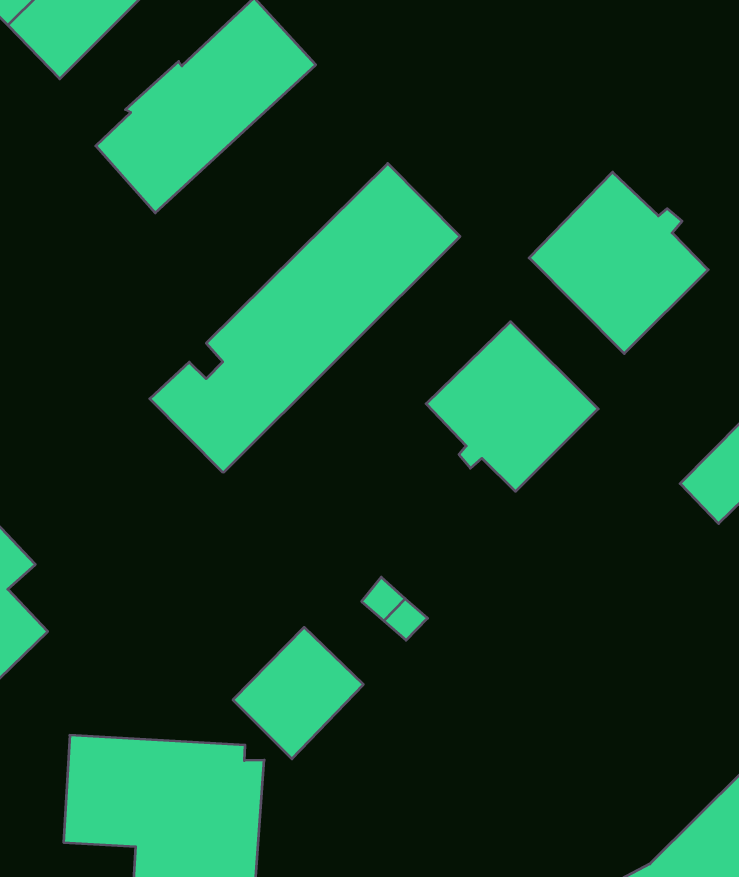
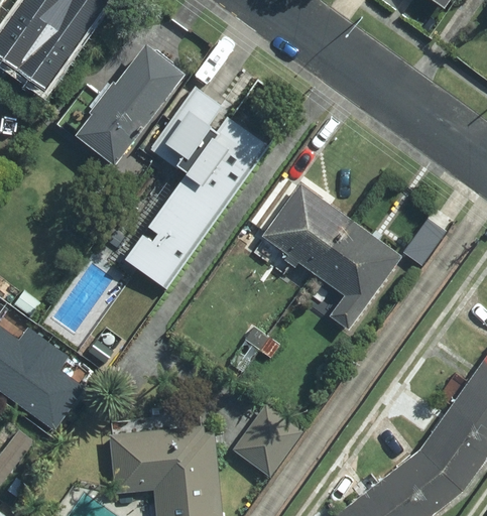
building: none -> [149,87,219,166]
building: [529,172,708,354] -> none
building: none -> [317,224,399,328]
building: [233,627,363,759] -> [234,406,299,475]

